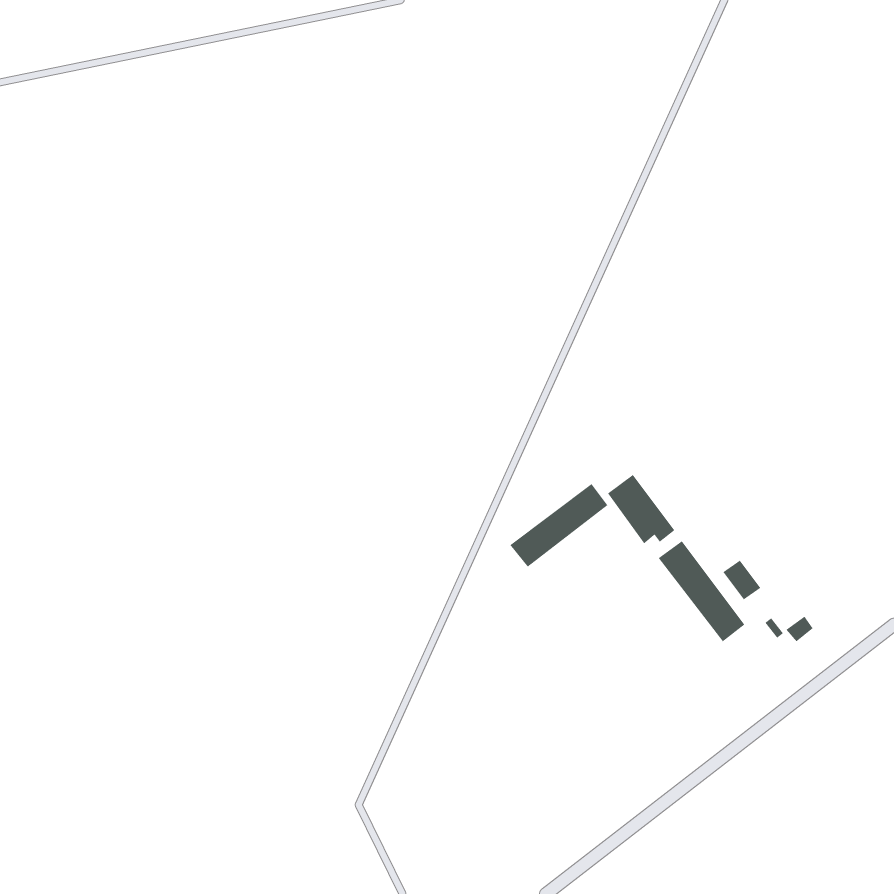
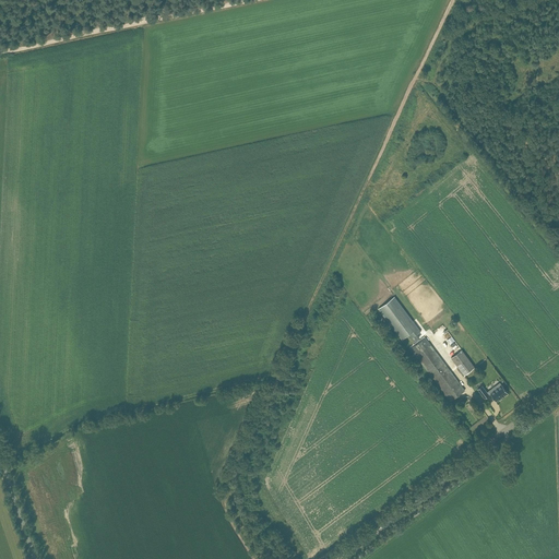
building: [509,483,608,567] -> none

